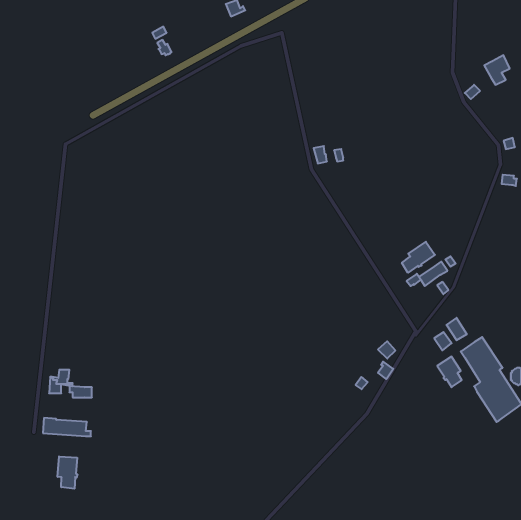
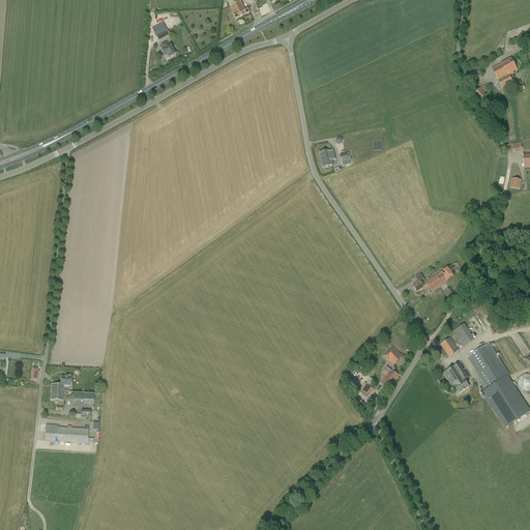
building: [402,242,435,273] -> none
building: [58,456,77,489] -> none

